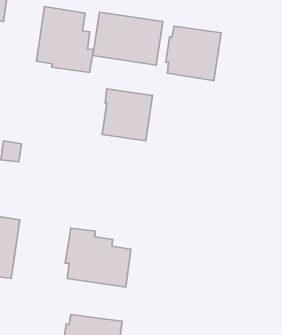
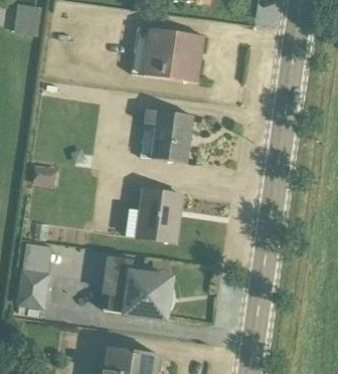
building: [36,6,94,72] -> none
building: [166,26,221,81] -> none
building: none -> [122,186,184,243]

